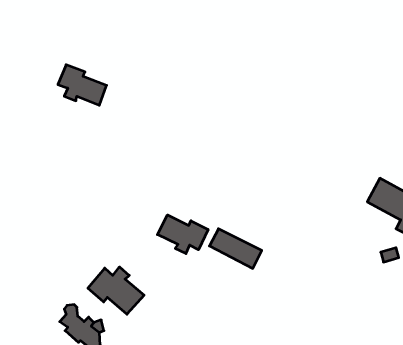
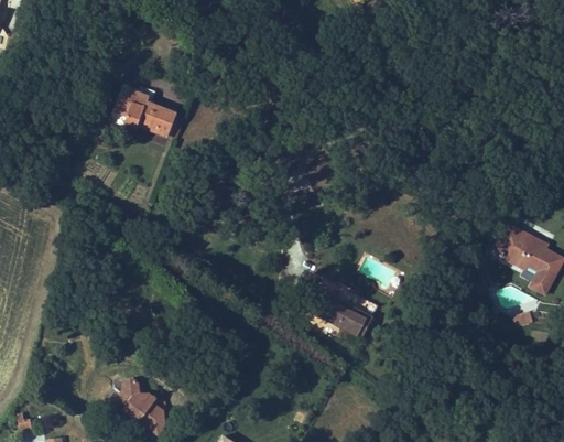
building: [157,215,208,254] -> none
building: [88,267,144,314] -> none

